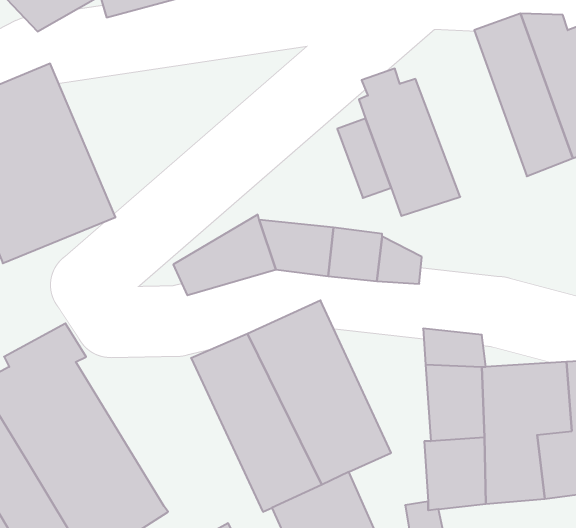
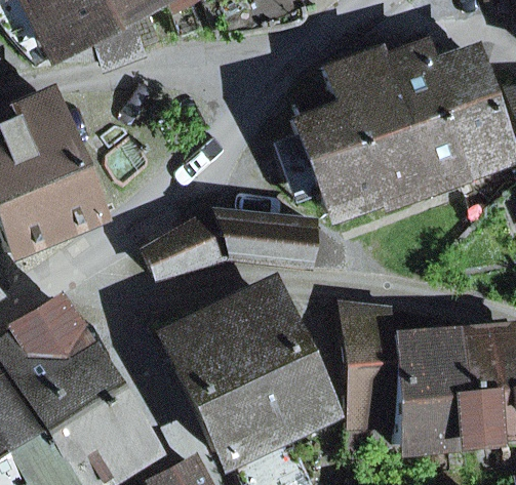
building: none -> [332,47,438,197]

